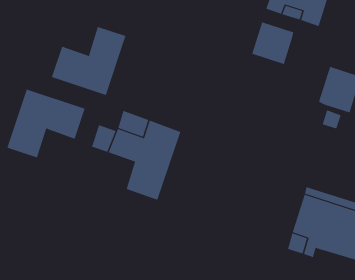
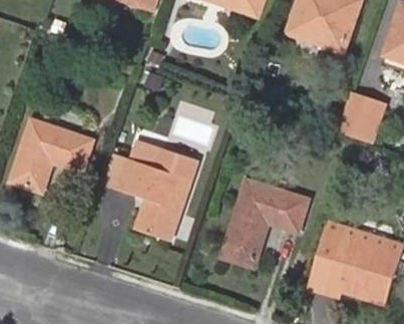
building: [252,22,294,65] -> none
building: [51,26,126,96] -> none
building: none -> [222,180,308,267]

